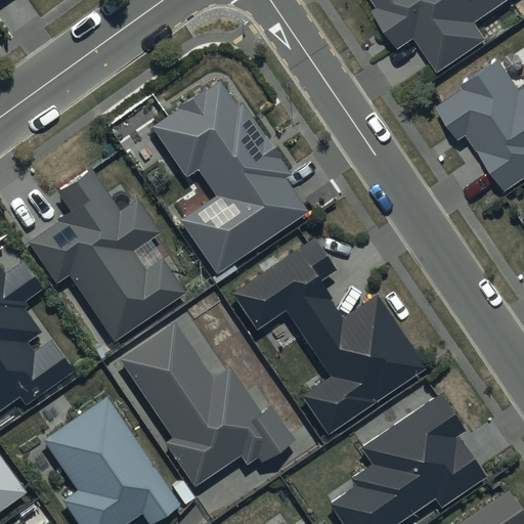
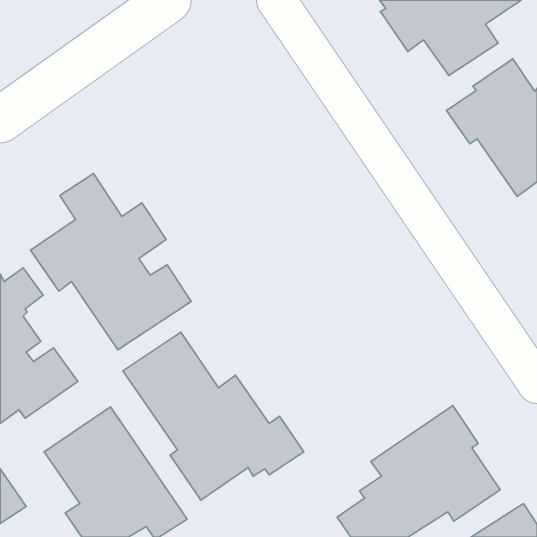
building: [151,82,309,274] -> none
building: [234,239,429,437] -> none

